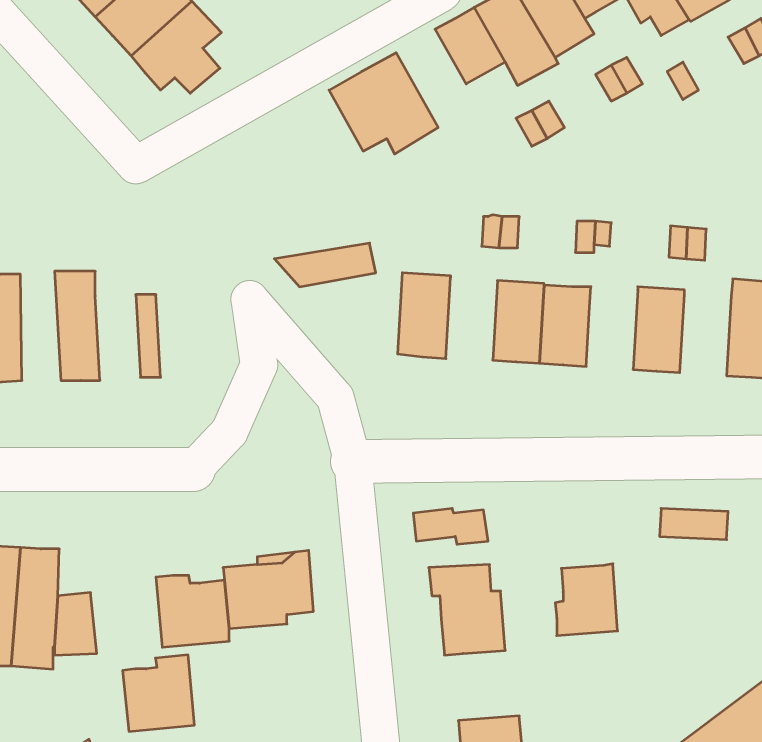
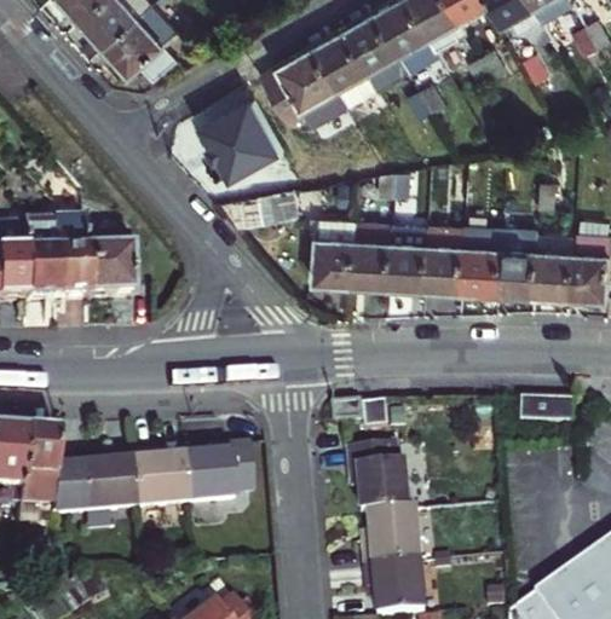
building: none -> [316,29,379,105]
building: none -> [207,100,284,181]
building: none -> [24,216,56,303]
building: none -> [355,221,394,285]
building: none -> [463,228,503,293]
building: none -> [82,235,117,301]
building: none -> [536,235,576,297]
building: [555,564,618,636] -> [363,509,411,565]
building: [123,655,194,731] -> [79,453,134,513]

